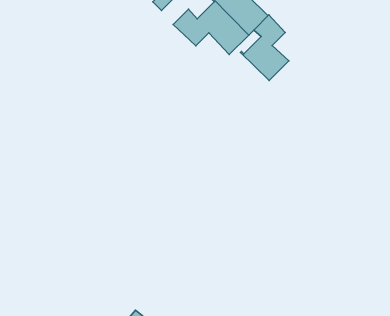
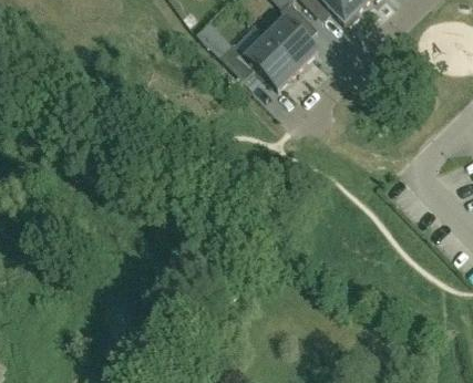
building: [240,15,289,80] -> none

